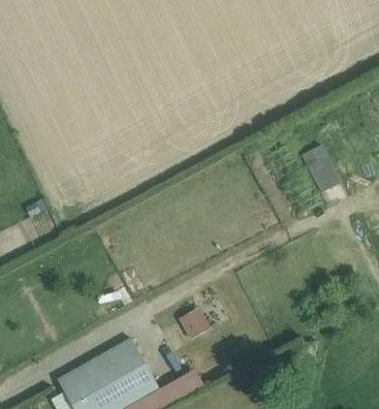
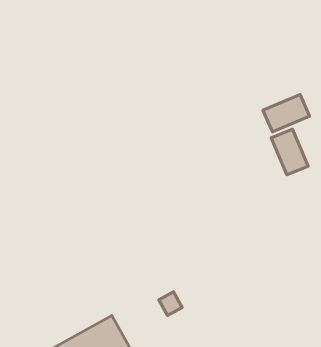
building: none -> [263,95,310,132]

